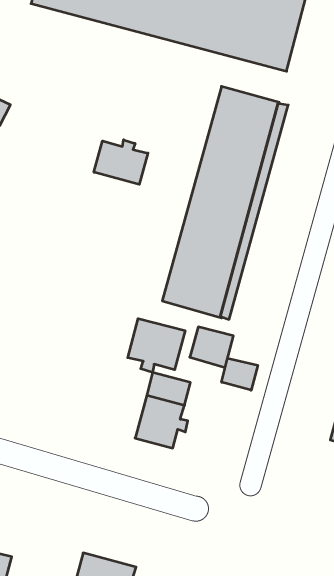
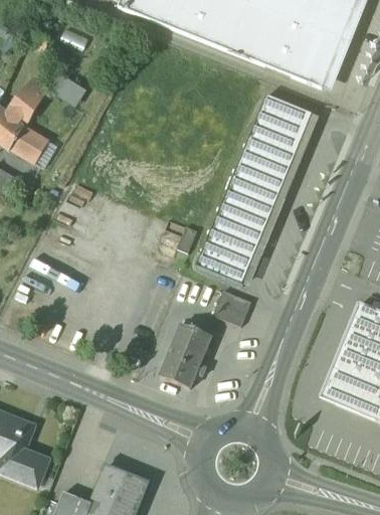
building: [94,140,148,184] -> none
building: [128,319,185,373] -> none
building: [222,358,258,390] -> none

